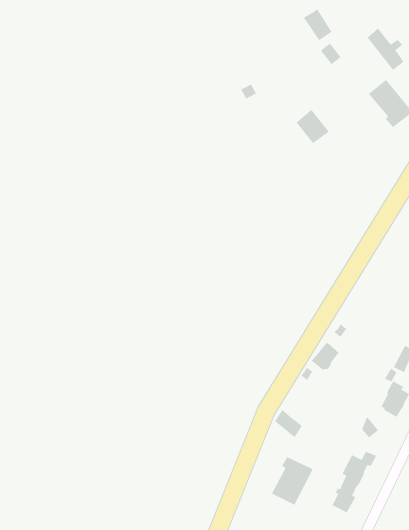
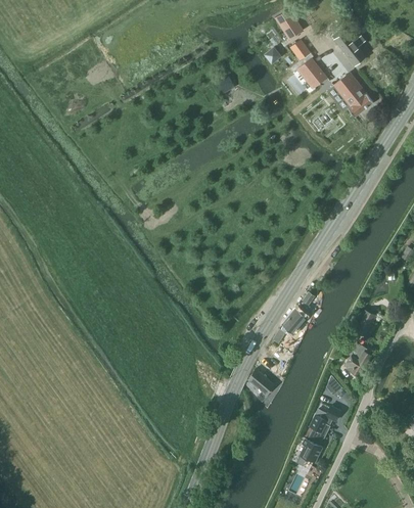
building: [296,109,330,144] -> [297,57,328,89]
building: [271,456,314,506] -> none

